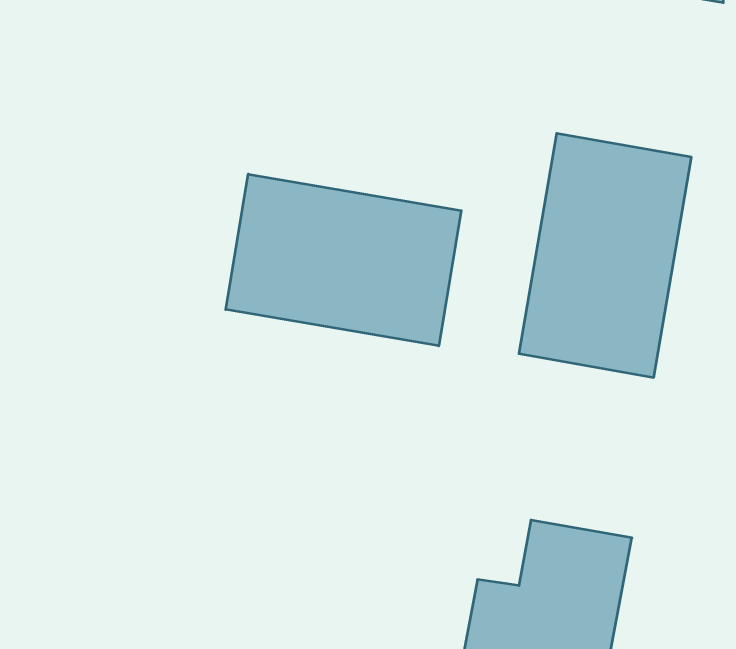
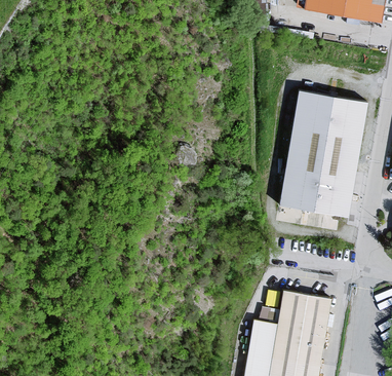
building: [226,174,461,346] -> none

